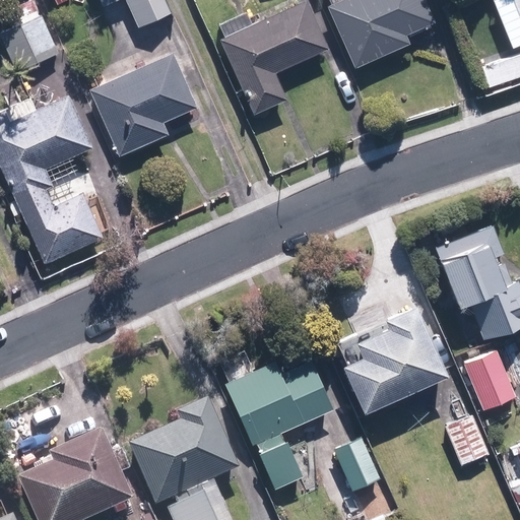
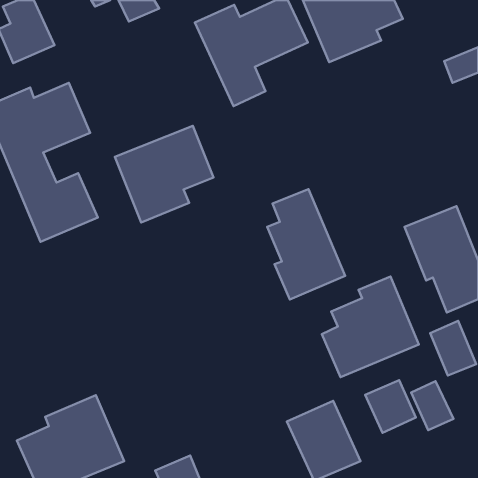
building: [88,53,195,157] -> [115,126,214,223]
building: none -> [267,189,345,299]
building: [225,354,333,490] -> none
building: [129,401,240,506] -> none
building: none -> [365,380,416,433]

